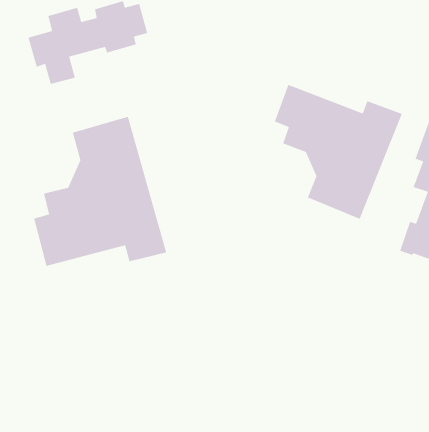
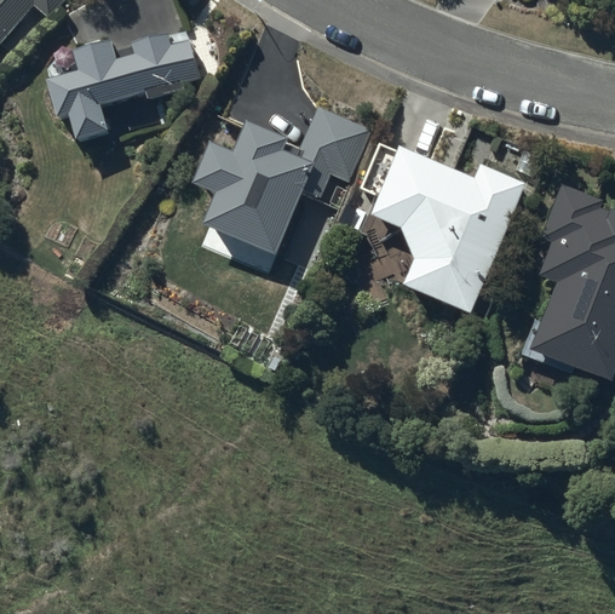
building: none -> [194,102,370,258]
building: [33,116,167,267] -> none

